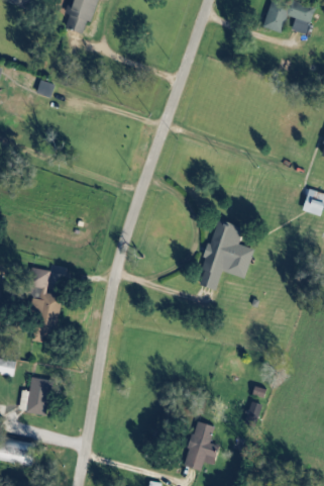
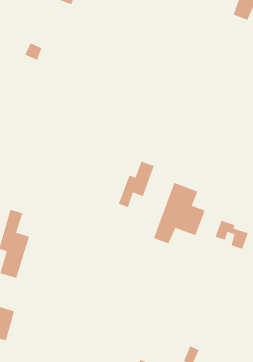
building: none -> [118,161,154,208]
building: none -> [215,220,249,250]

